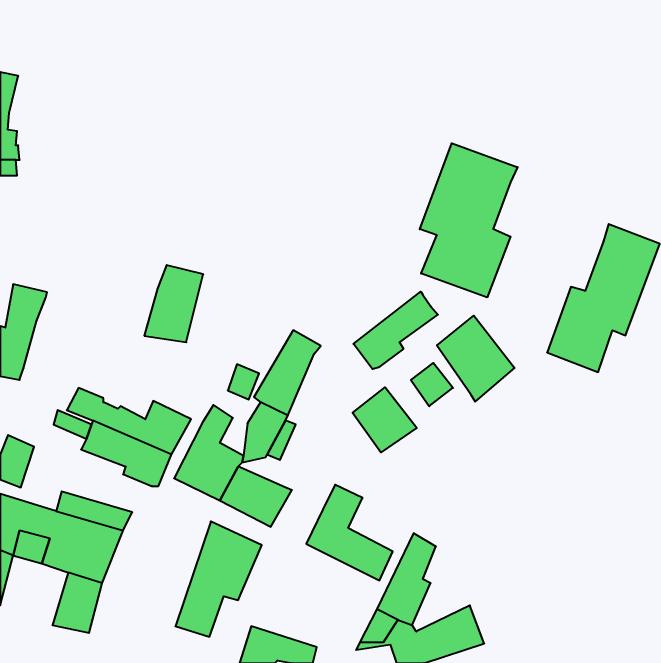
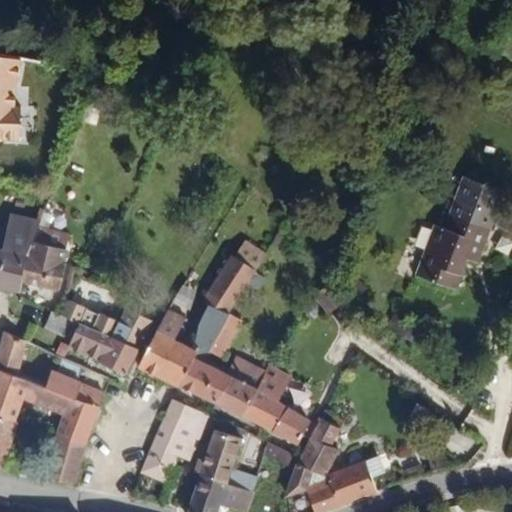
building: [420,143,518,297] -> none
building: [144,265,203,342] -> [24,227,69,286]
building: [353,292,438,369] -> none
building: [437,316,515,402] -> none
building: [353,387,417,452] -> none
building: none -> [213,366,257,415]
building: none -> [192,430,253,494]

